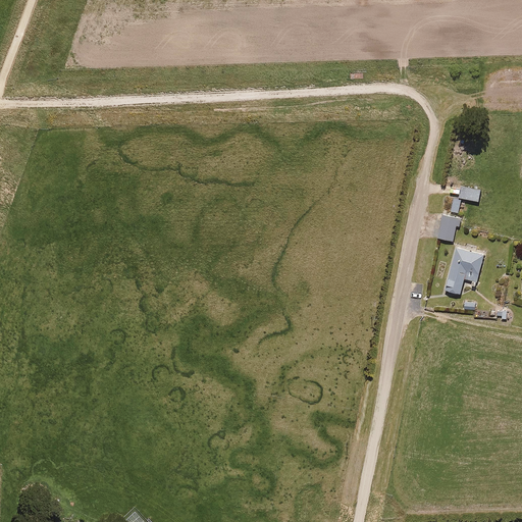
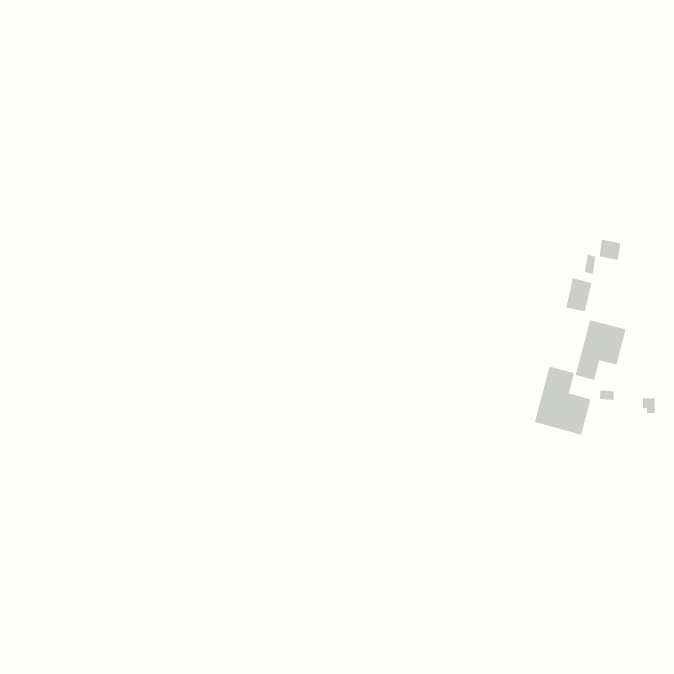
building: none -> [534,366,591,435]

